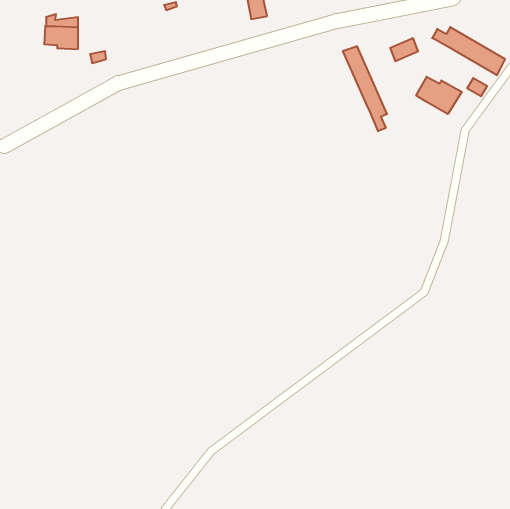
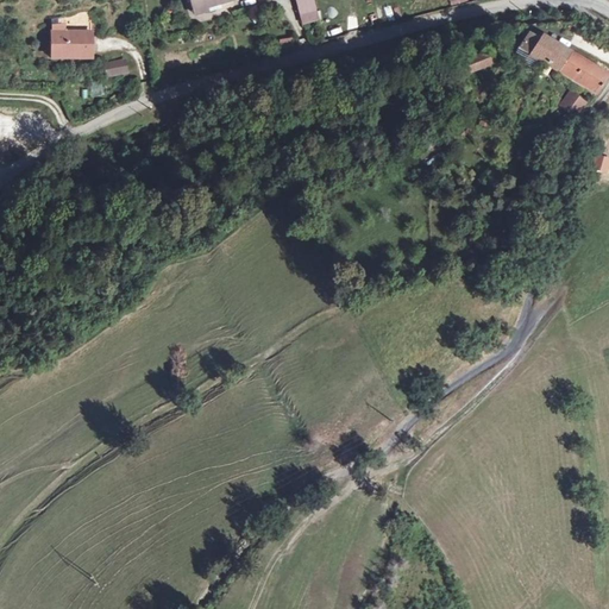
building: [343,46,387,131] -> none
building: [416,77,462,114] -> none

